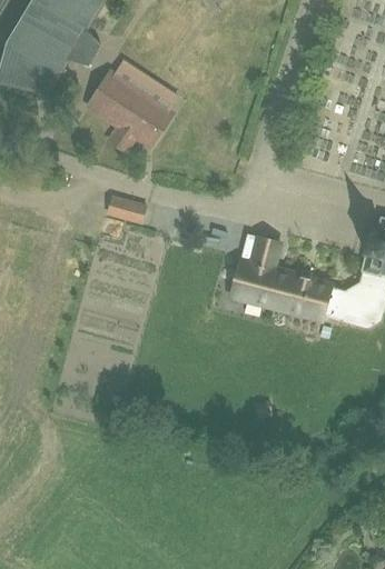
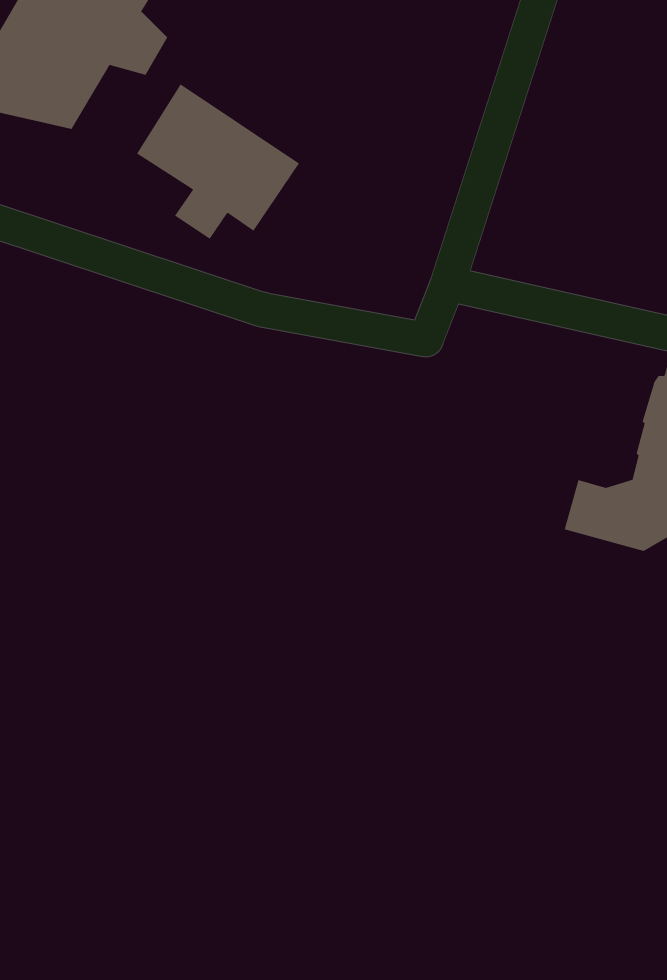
building: [107,194,147,223] -> none
building: [230,233,332,319] -> none

